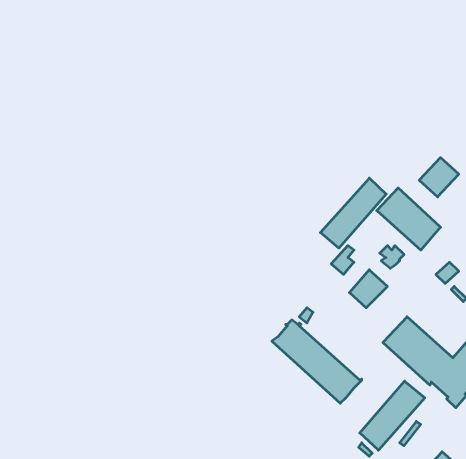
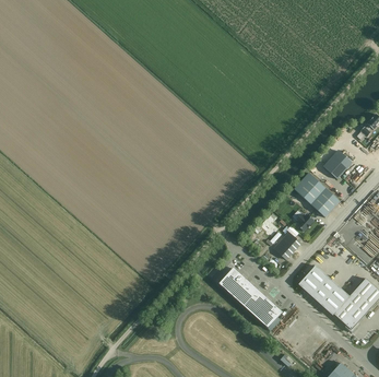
building: [320,178,386,248] -> none
building: [360,381,425,450] -> none

